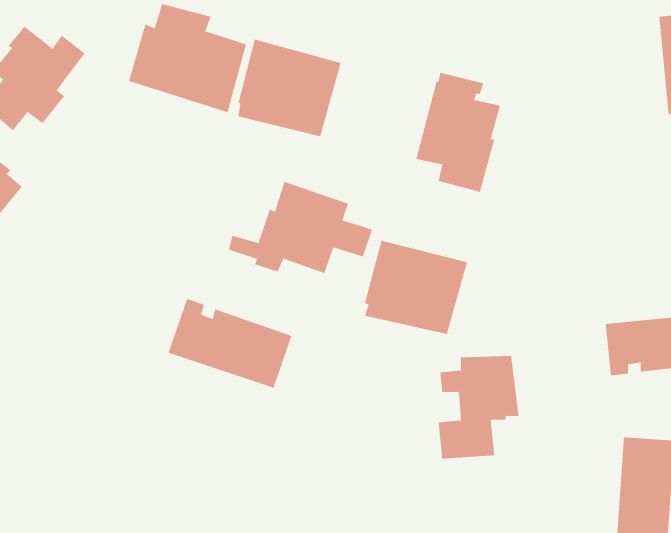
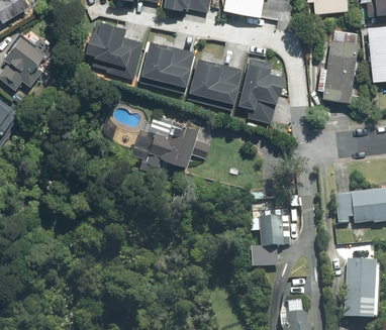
building: none -> [317,39,361,102]
building: [364,240,468,334] -> [185,58,242,109]
building: [168,298,292,388] -> none

